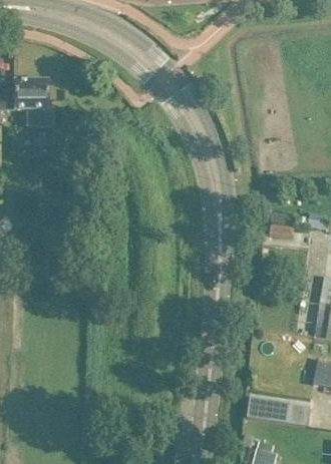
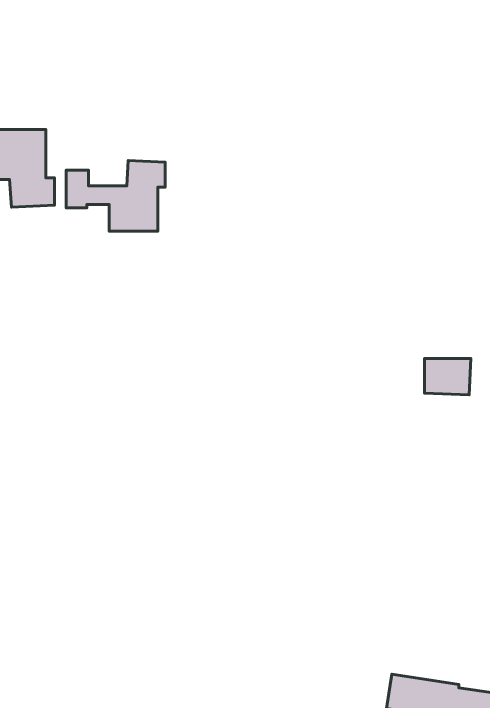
building: none -> [66,161,165,231]

